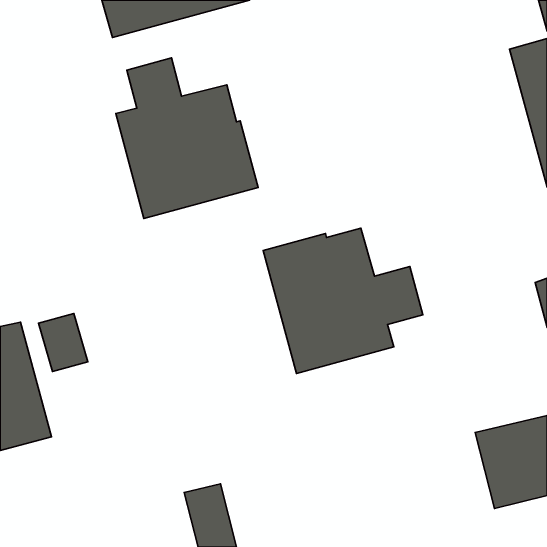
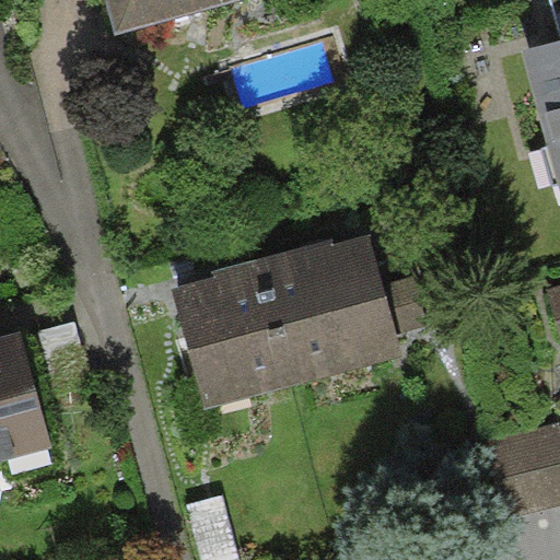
building: [116,58,258,219] -> none
building: none -> [172,256,303,409]

